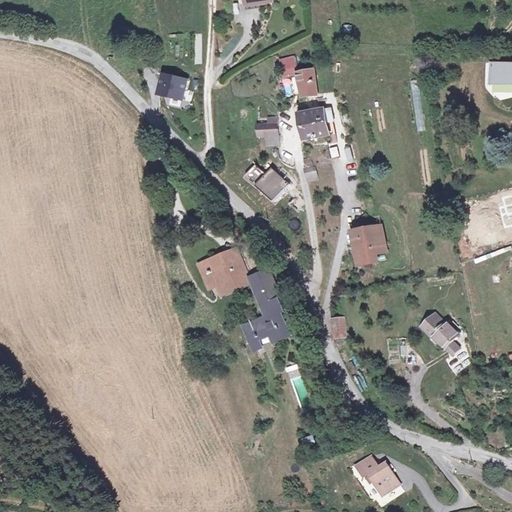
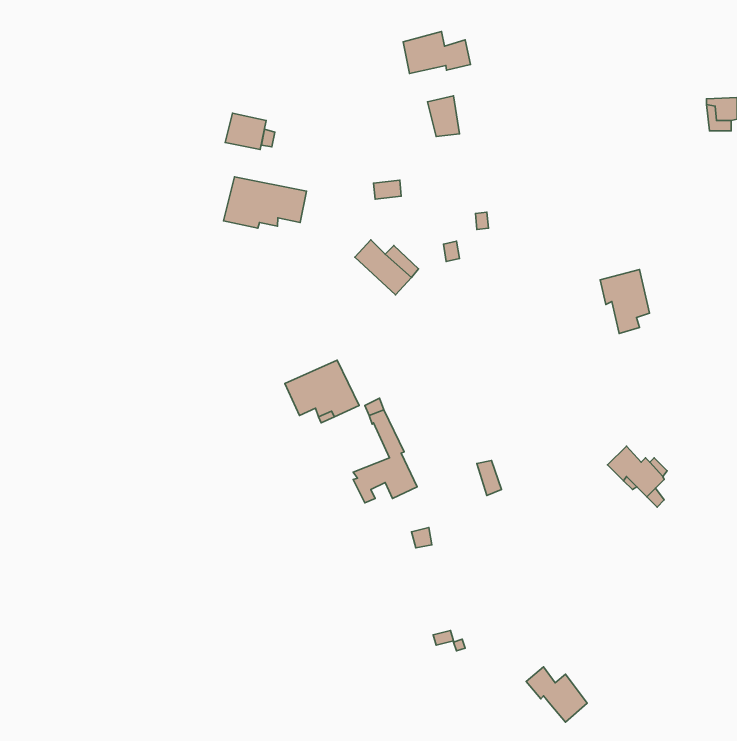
building: none -> [403,31,471,74]
building: [299,109,329,140] -> none
building: none -> [224,177,307,228]
building: [348,219,382,263] -> [600,270,650,333]

